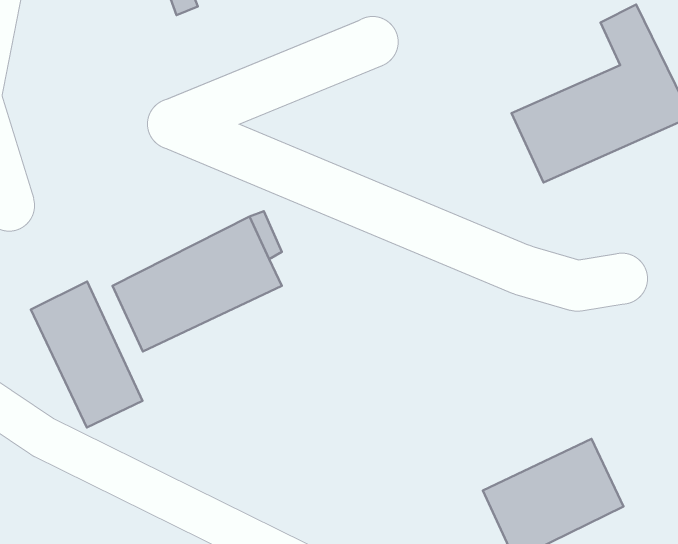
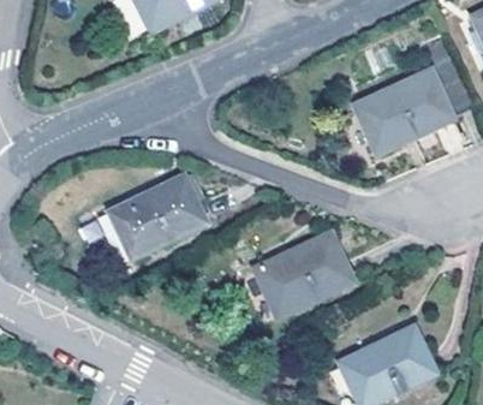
building: [31,282,142,427] -> none
building: none -> [254,234,348,315]

